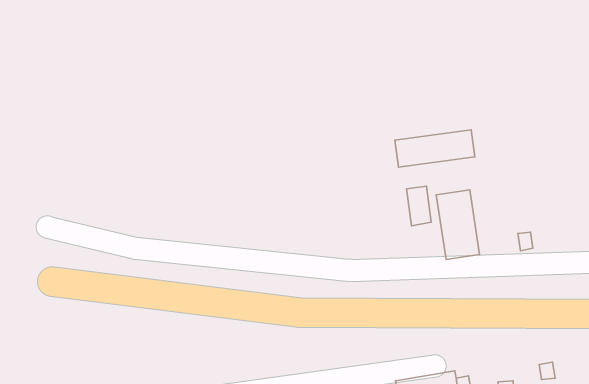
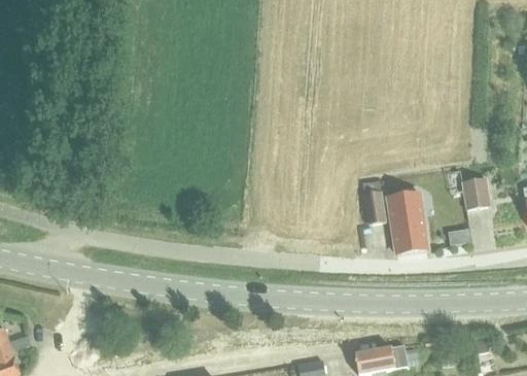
building: [395,130,475,167] -> none
building: none -> [460,177,489,209]

